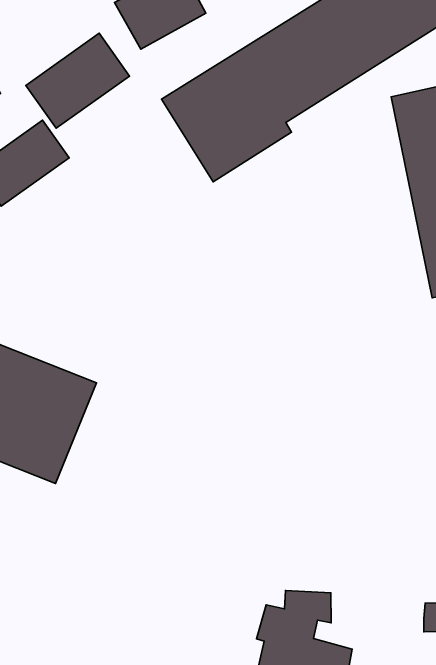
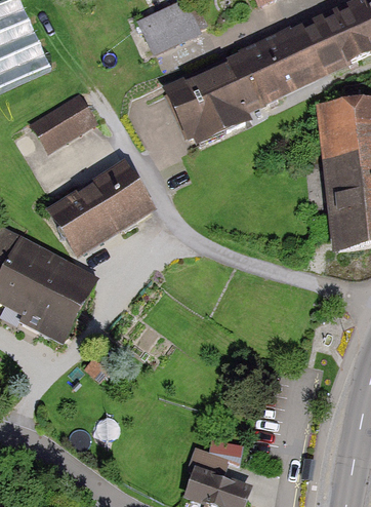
building: [26,33,130,128] -> none
building: none -> [46,163,152,258]

